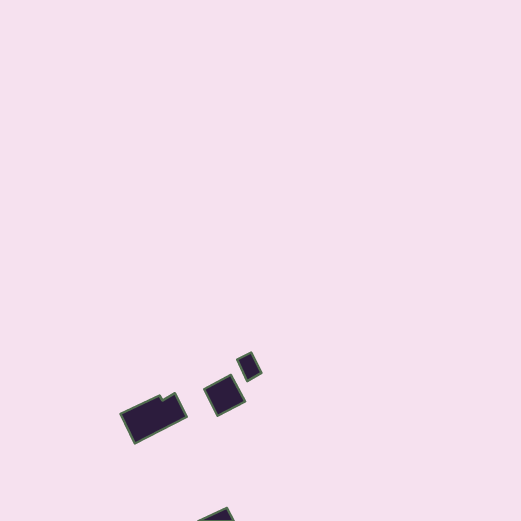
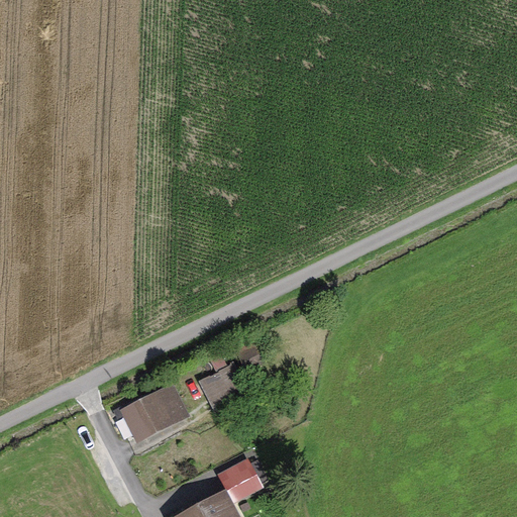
building: none -> [219,462,260,500]

